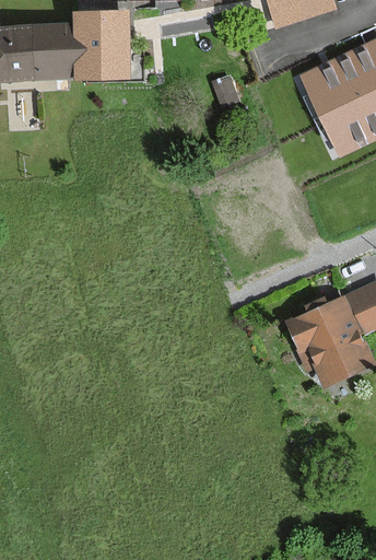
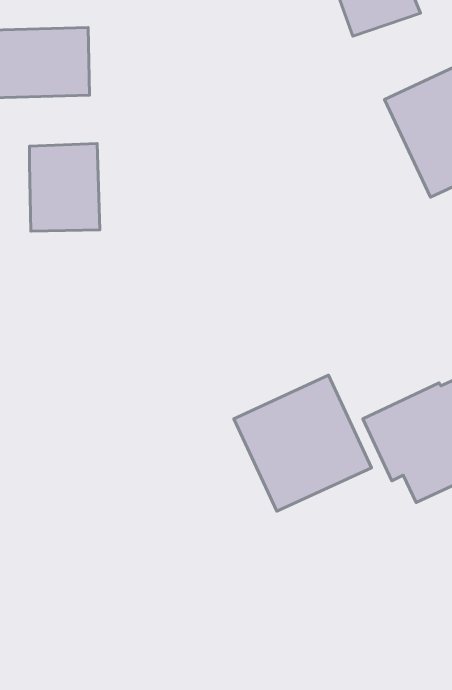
building: [77,9,130,75] -> [29,143,100,231]
building: none -> [234,375,371,511]

